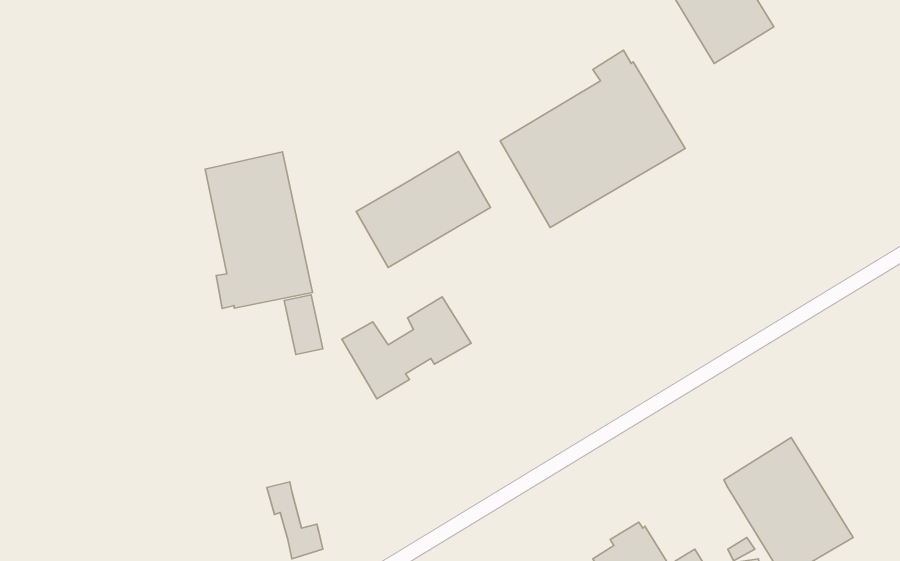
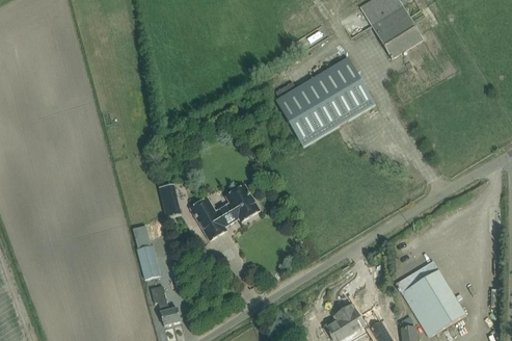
building: [356,152,491,267] -> none
building: [205,152,312,308] -> none
building: none -> [136,244,160,279]

